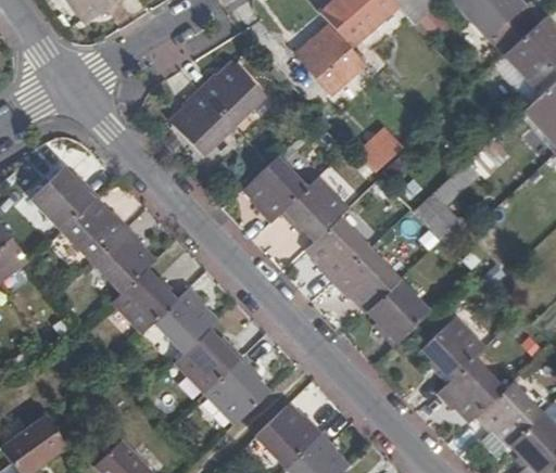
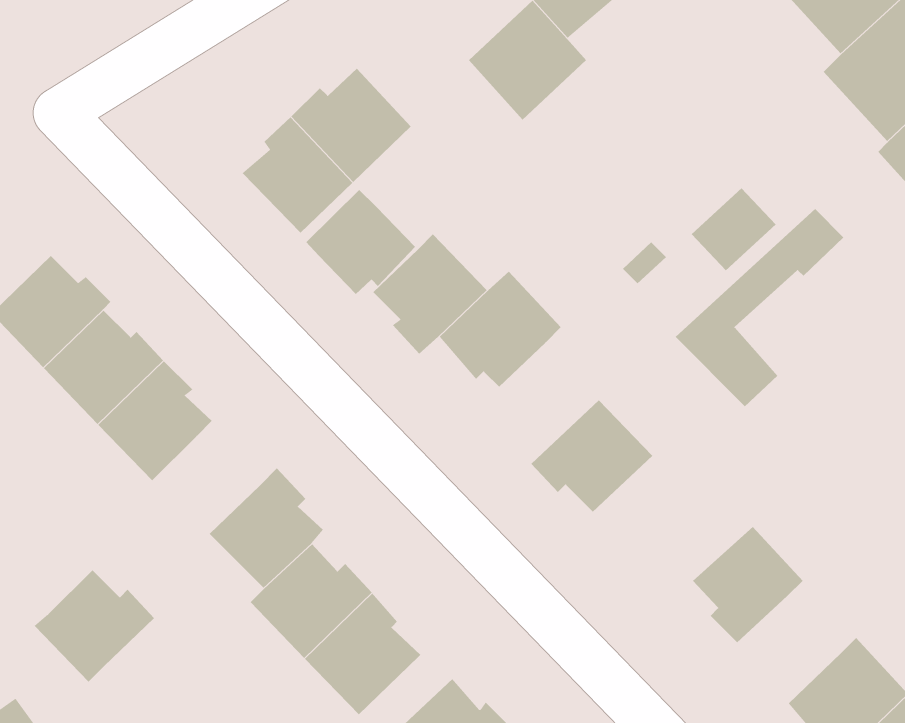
building: [355,128,403,175] -> [691,187,777,271]
building: none -> [306,189,416,295]
building: [306,216,370,283] -> none
building: [114,268,181,331] -> [34,569,155,683]
building: [367,279,431,346] -> none
building: [438,357,505,420] -> none

